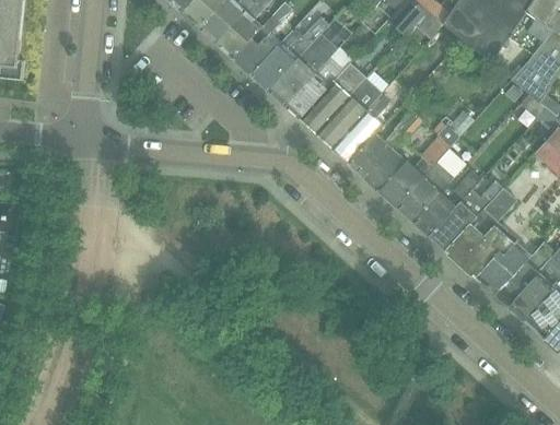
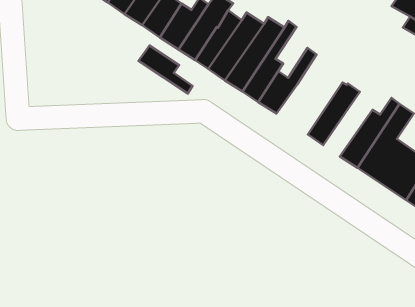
building: none -> [139,45,192,94]
building: [366,109,474,205] -> none
building: [412,169,481,235] -> none

